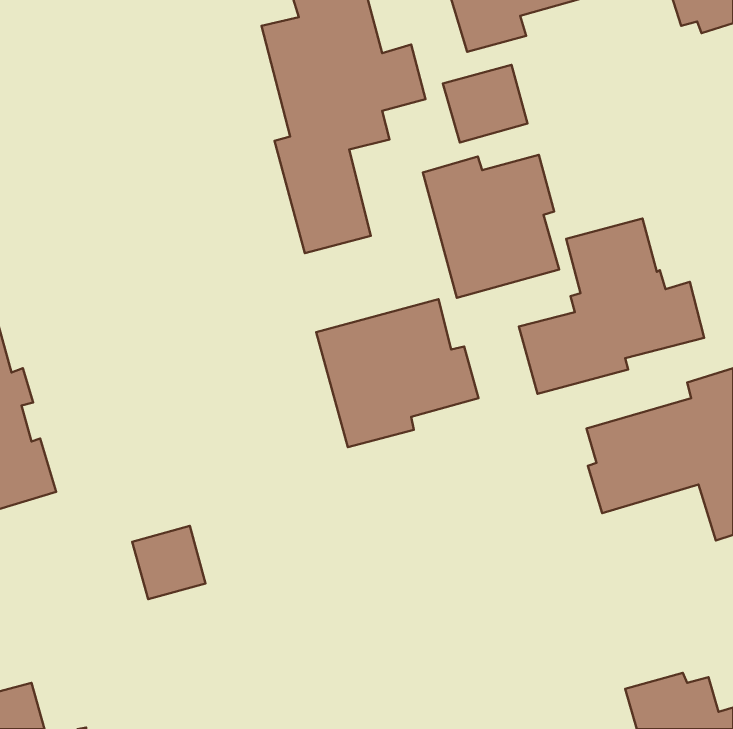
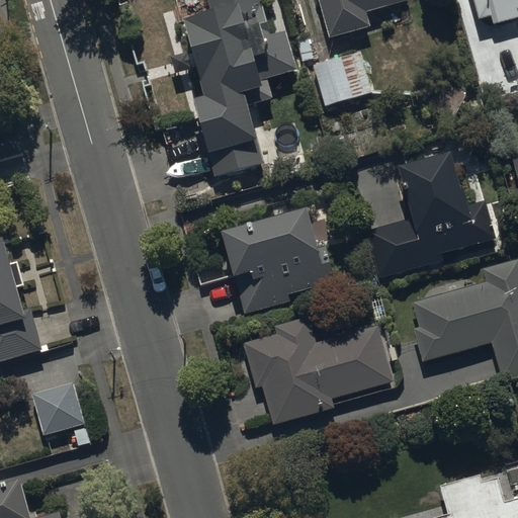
building: [423,155,559,298] -> none
building: none -> [246,317,395,424]
building: [132,526,206,599] -> [33,382,85,434]

